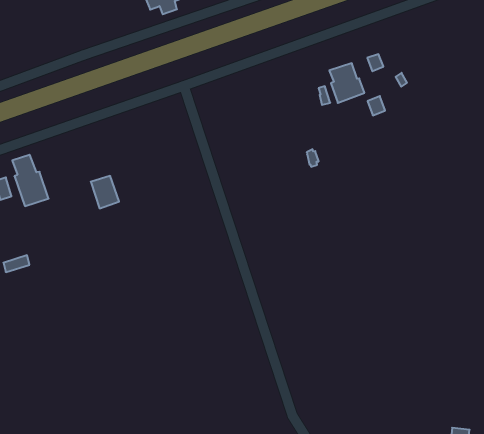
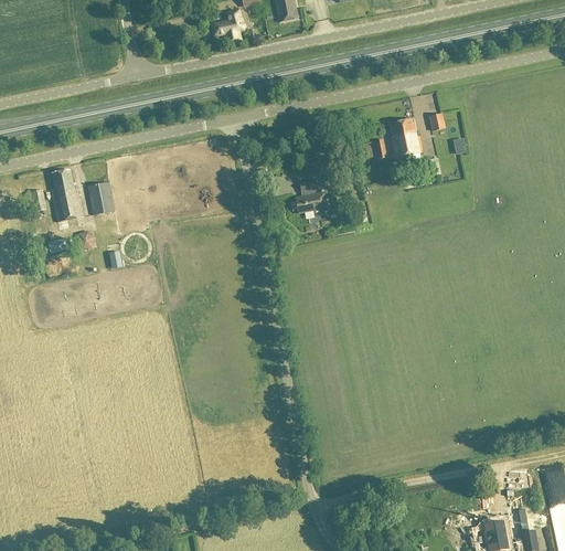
building: none -> [296,178,330,212]
building: [91,176,119,208] -> [88,181,115,213]

